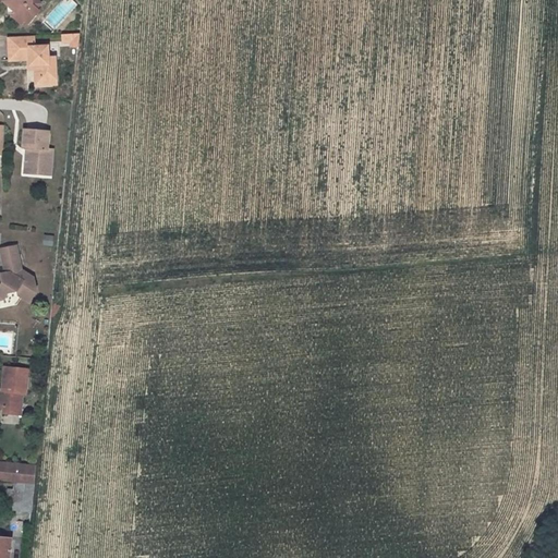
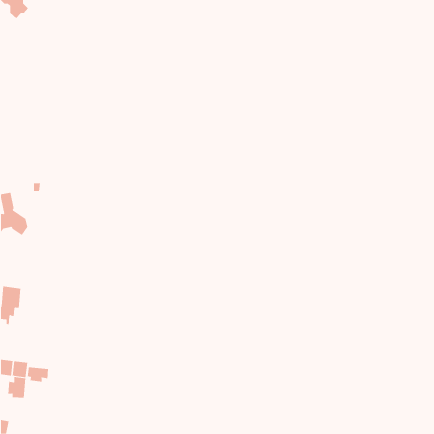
building: [8,36,56,86] -> none
building: [20,130,51,174] -> none
building: none -> [27,366,48,382]

